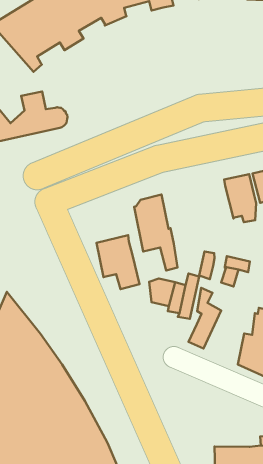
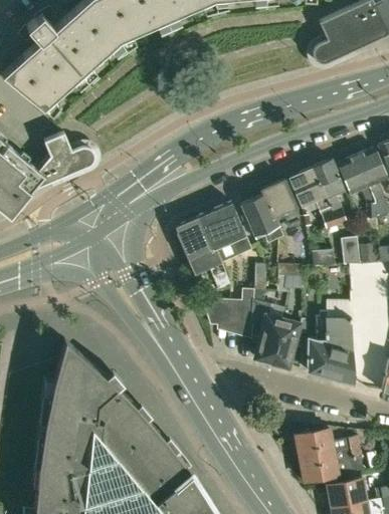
building: none -> [241,195,284,243]
building: [97,235,140,289] -> [202,202,252,257]
building: none -> [271,320,302,365]
building: none -> [293,429,335,459]

